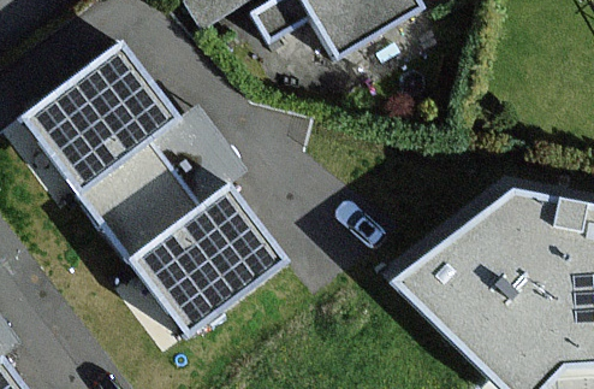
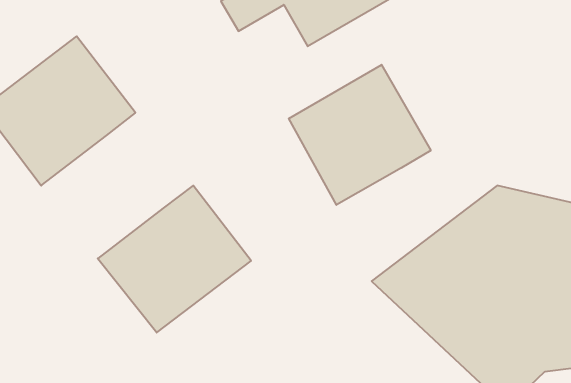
building: none -> [289,65,431,205]
building: [82,141,198,259] -> none

